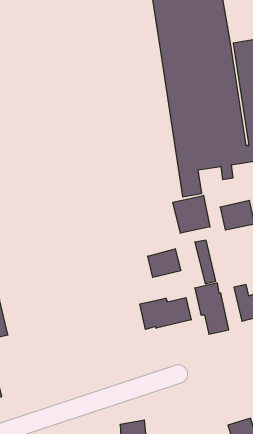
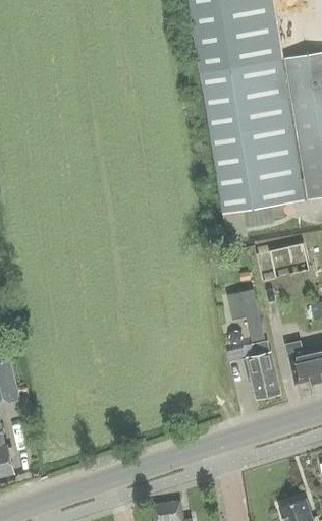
building: [173,195,210,233] -> none
building: [148,249,181,277] -> none
building: [140,298,191,329] -> none

